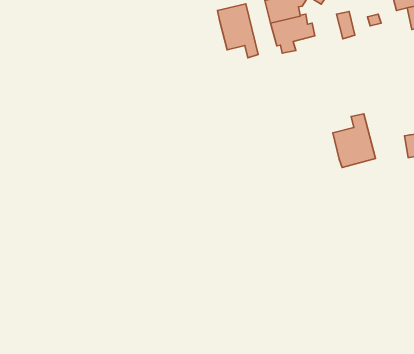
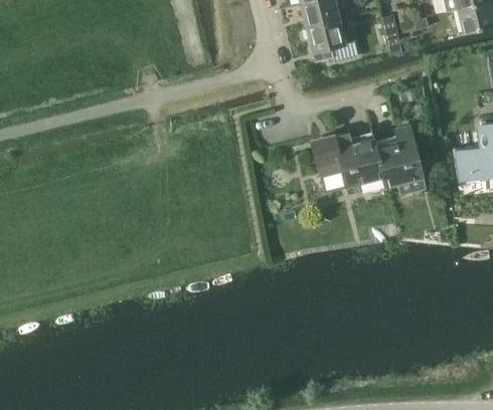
building: [218,4,258,58] -> none
building: none -> [315,133,382,192]

